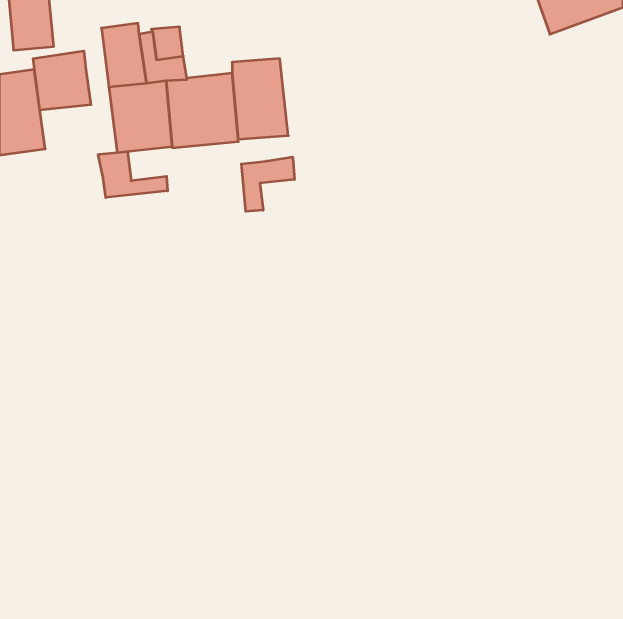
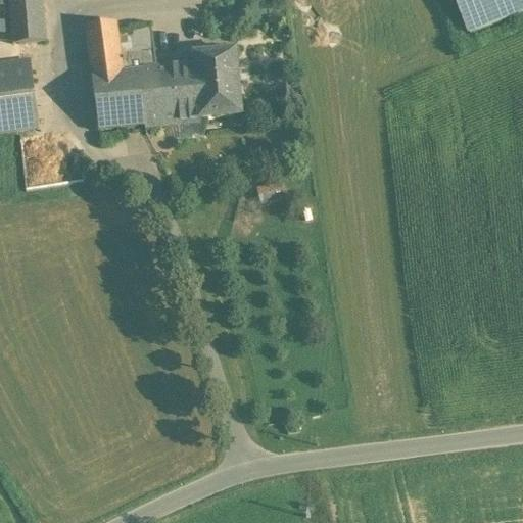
building: [33,51,91,110] -> none
building: [98,152,168,198] -> none
building: [241,157,294,211] -> none

